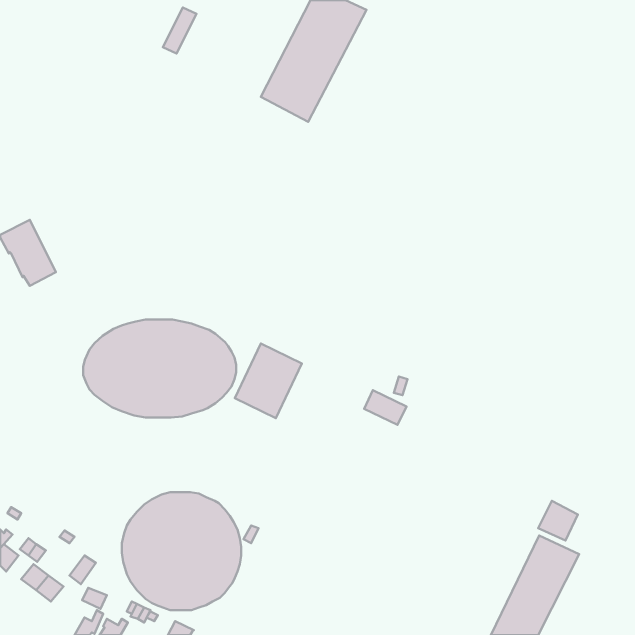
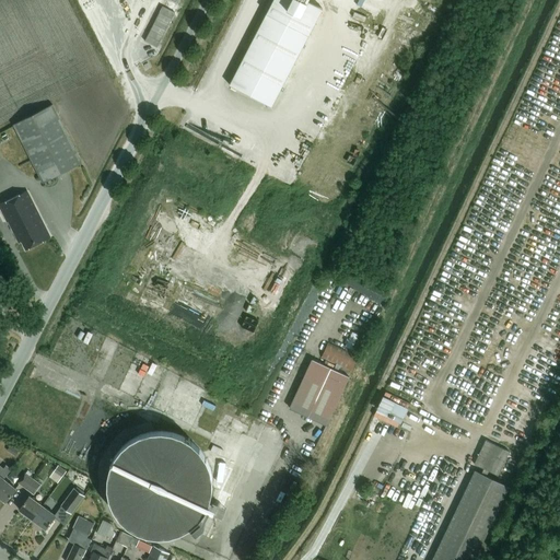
building: none -> [12,107,82,186]
building: [83,319,236,417] -> none
building: [235,344,302,418] -> [289,361,348,427]

